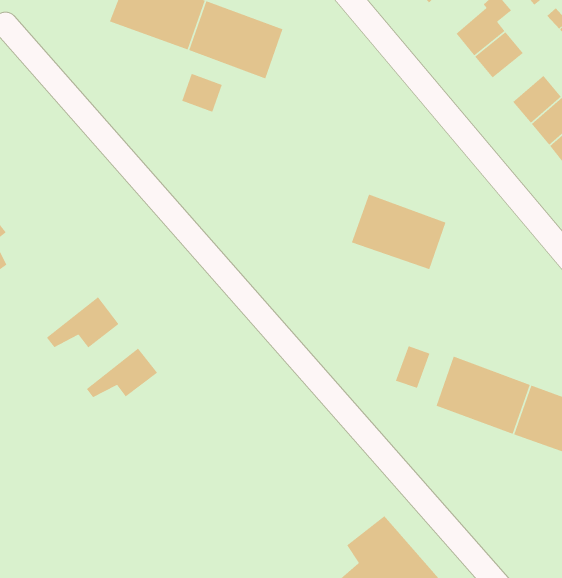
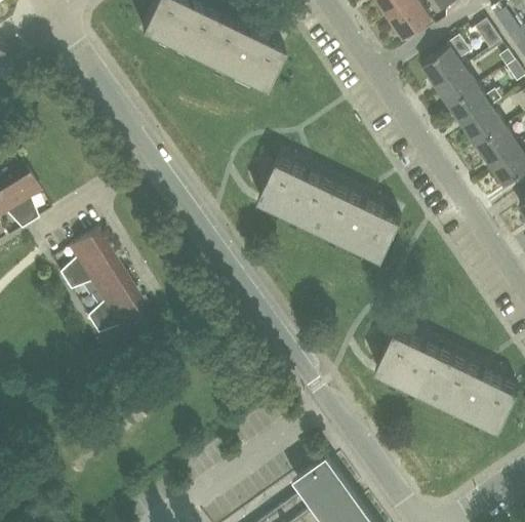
building: none -> [450,88,500,127]
building: [181,73,223,113] -> none
building: none -> [258,161,339,230]
building: none -> [58,232,110,283]
building: none -> [86,278,138,328]
building: [395,345,431,389] -> none

